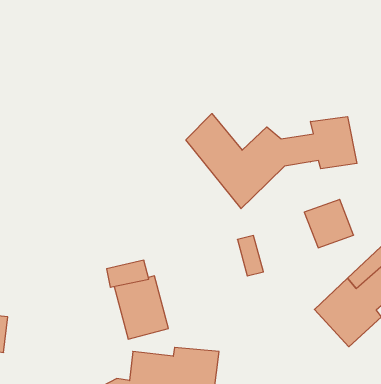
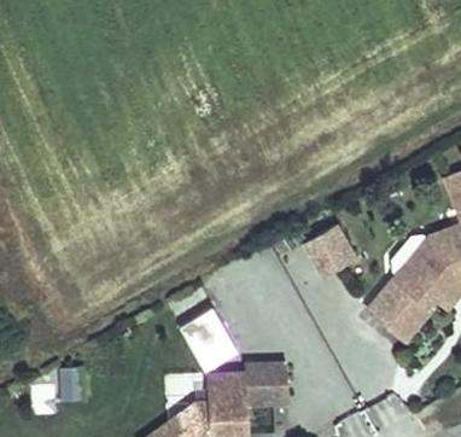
building: [186,114,357,209] -> none
building: [304,199,354,248] -> [304,227,354,275]

